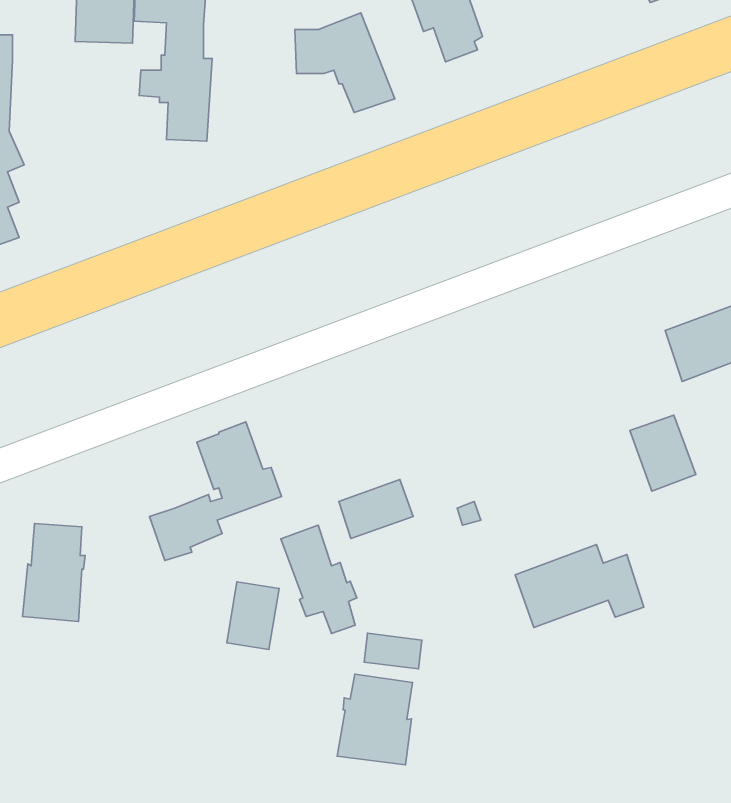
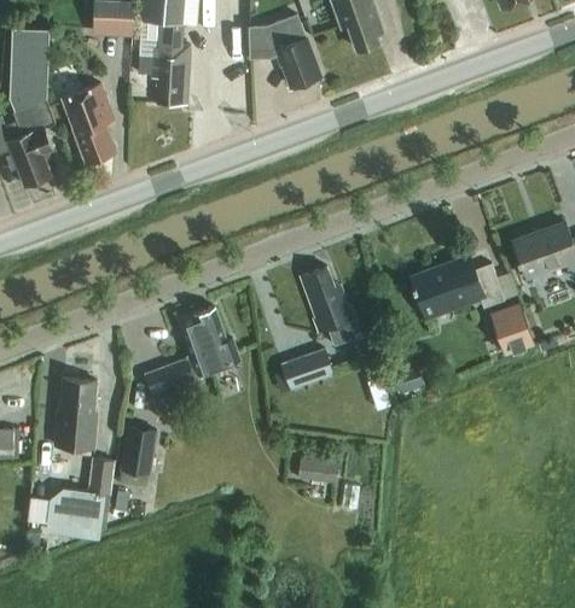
building: none -> [62,84,114,162]
building: [281,525,357,633] -> [301,267,355,344]
building: [515,544,644,627] -> [412,256,504,315]
building: [227,582,279,649] -> [120,425,157,473]
building: none -> [45,458,112,539]
building: [337,674,412,765] -> none

